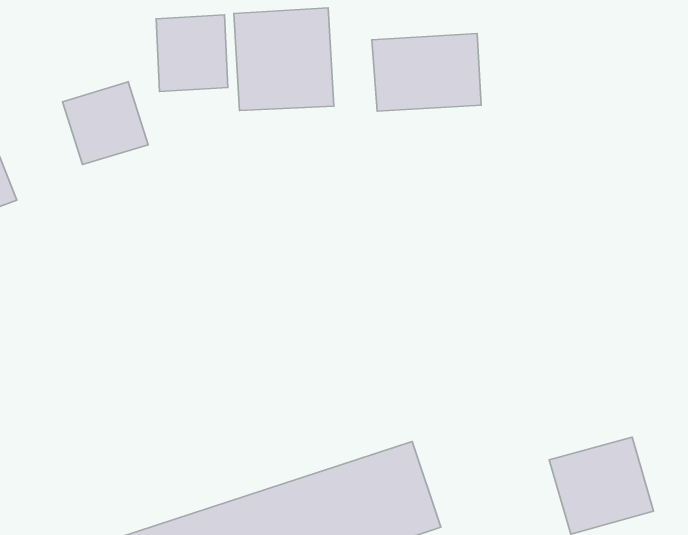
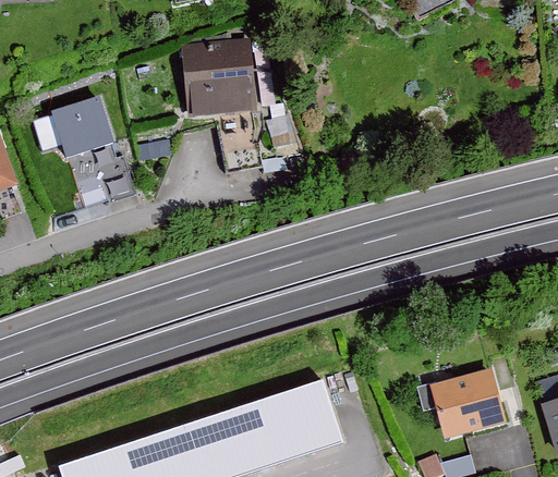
building: [156,15,228,92] -> none
building: [372,34,481,111] -> none

